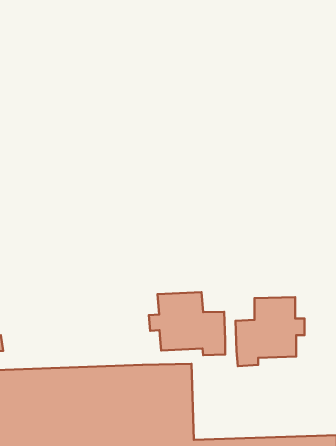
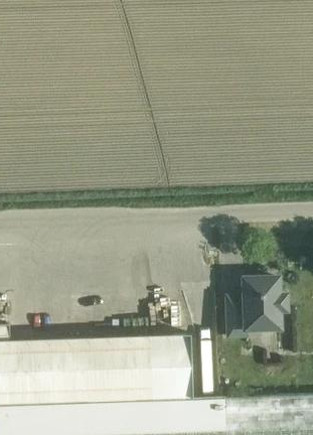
building: [149,292,225,355] -> none

